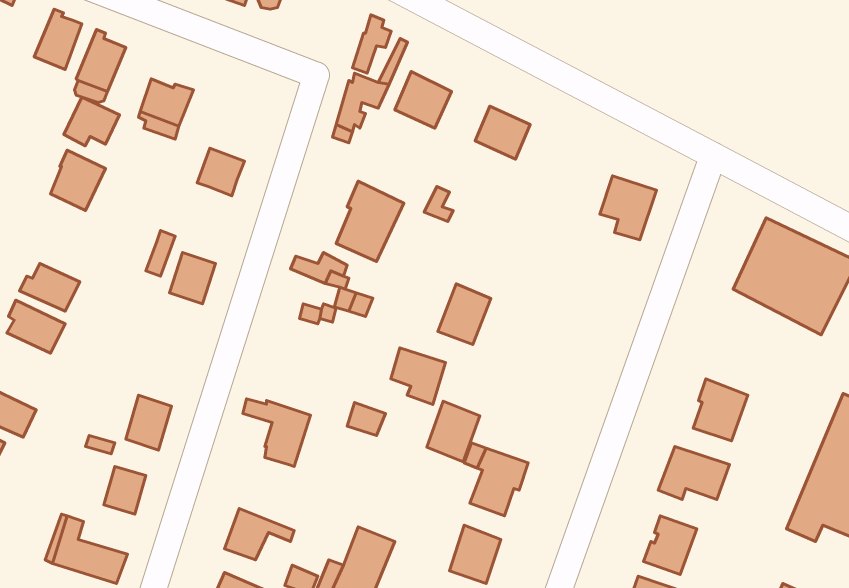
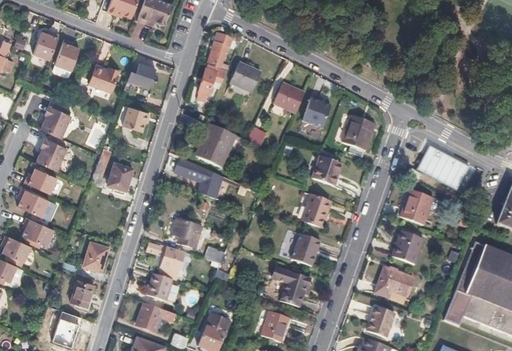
building: none -> [127,62,155,87]
building: [64,97,119,146] -> none
building: none -> [301,98,330,128]
building: none -> [37,138,68,171]
building: none -> [311,155,340,186]
building: [438,284,491,344] -> [300,194,329,227]
building: none -> [399,190,432,225]
building: [391,348,446,404] -> [168,215,198,246]
building: none -> [25,218,54,246]
building: [427,401,480,462] -> [290,234,319,267]
building: none -> [146,272,172,300]

